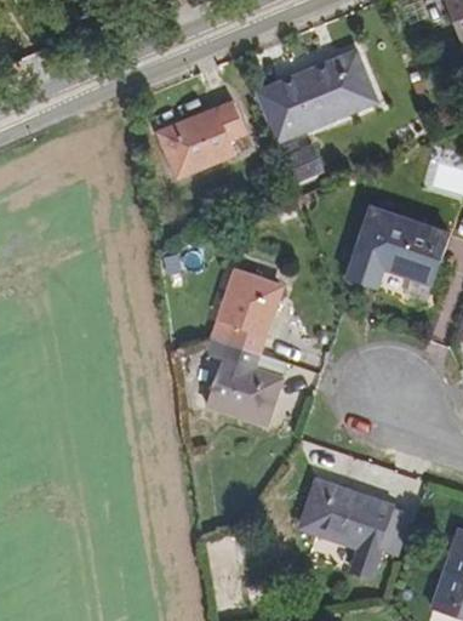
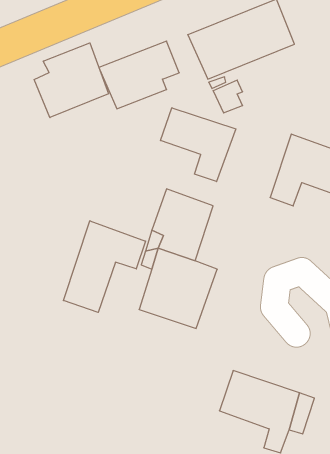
building: none -> [34,43,109,118]
building: none -> [161,108,236,182]
building: none -> [63,221,146,312]

